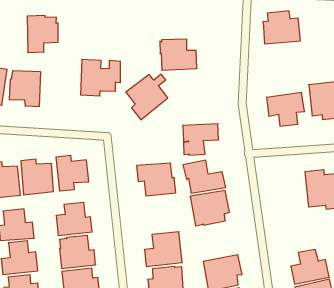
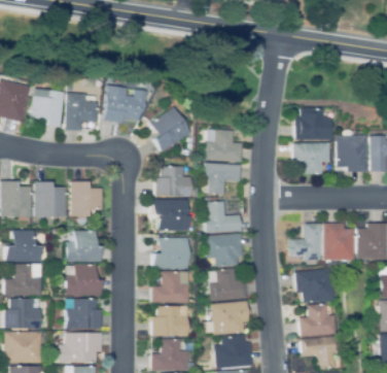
building: [263,11,300,44] -> [295,108,332,140]
building: [27,15,58,53] -> [66,93,100,131]
building: [160,39,197,70] -> [205,129,242,162]
building: none -> [156,166,192,197]
building: none -> [290,224,321,261]
building: none -> [153,238,188,269]
building: none -> [296,269,336,303]
building: none -> [207,268,247,302]

